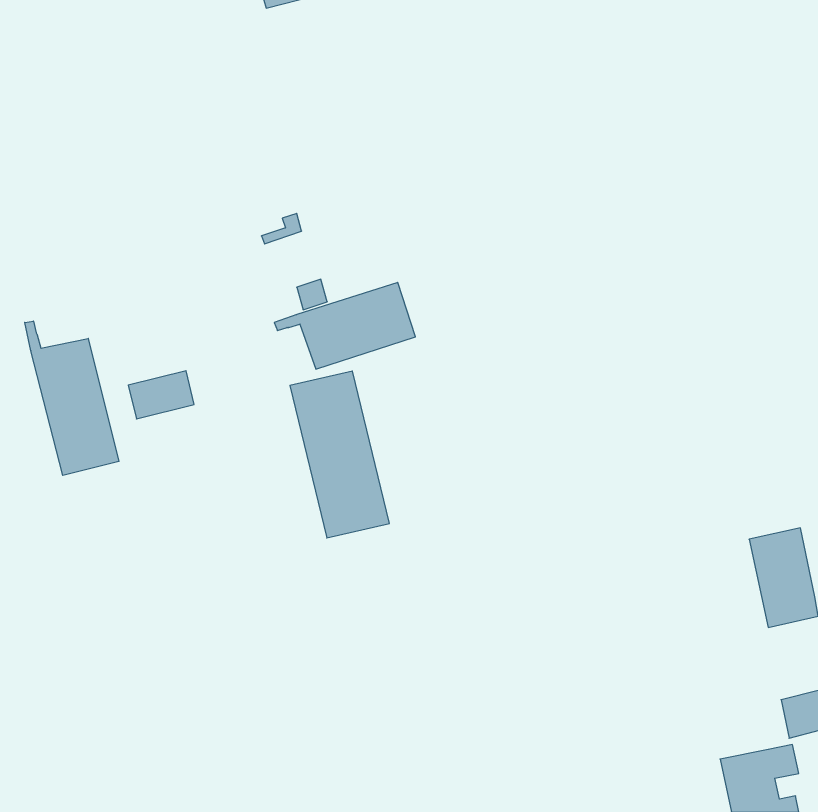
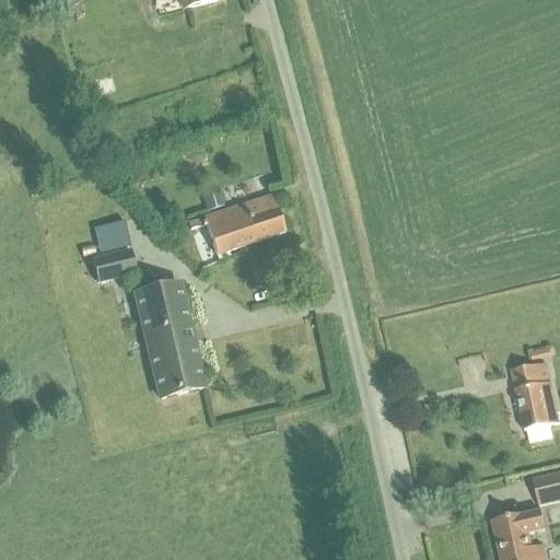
building: none -> [93,218,129,249]
building: [25,321,119,475] -> none
building: [290,371,389,538] -> [136,281,203,395]

